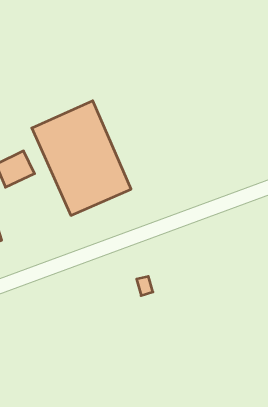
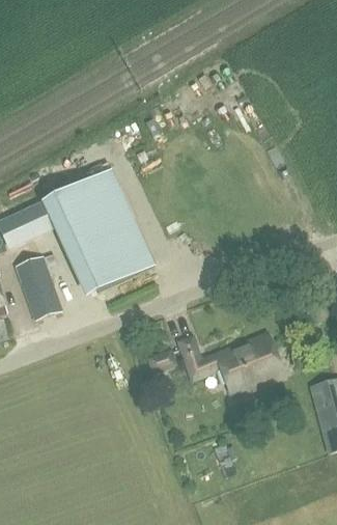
building: none -> [16,258,61,322]
building: none -> [177,336,282,398]

